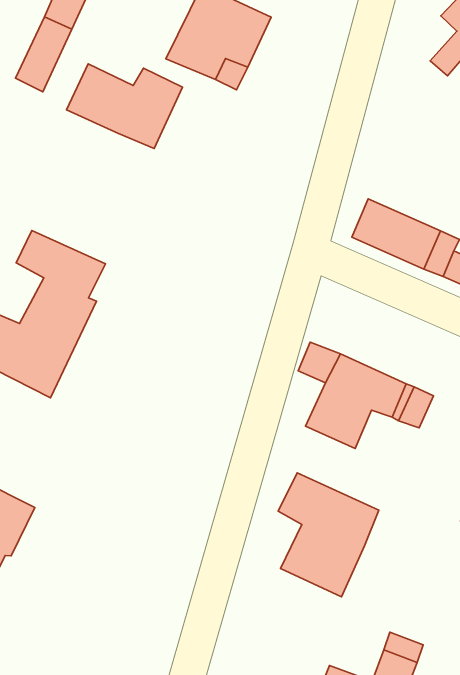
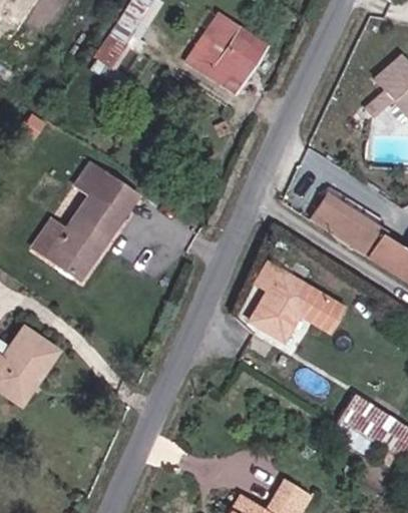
building: [66,64,183,149] -> none
building: [278,473,379,597] -> none

